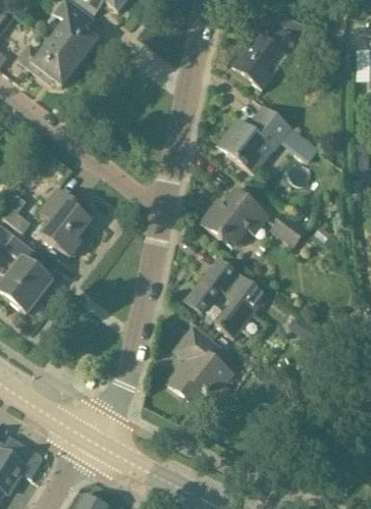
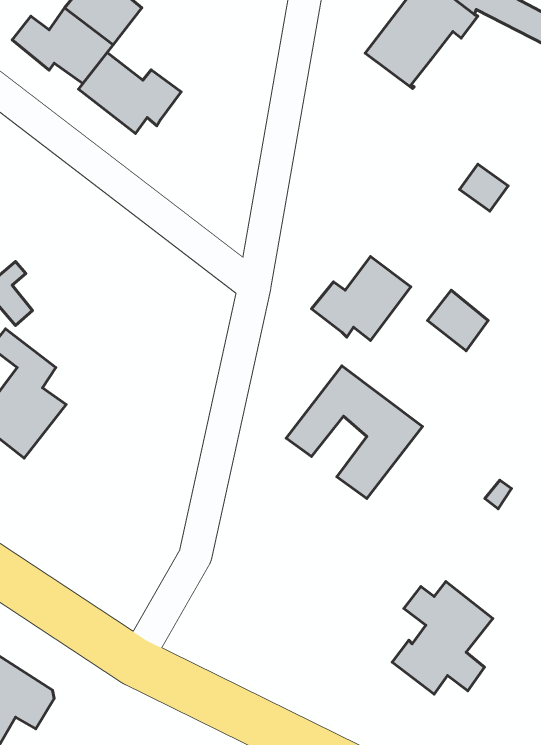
building: none -> [79,52,181,134]
building: [216,107,292,168] -> none
building: [40,188,91,256] -> none
building: [168,333,229,401] -> [392,581,493,694]

